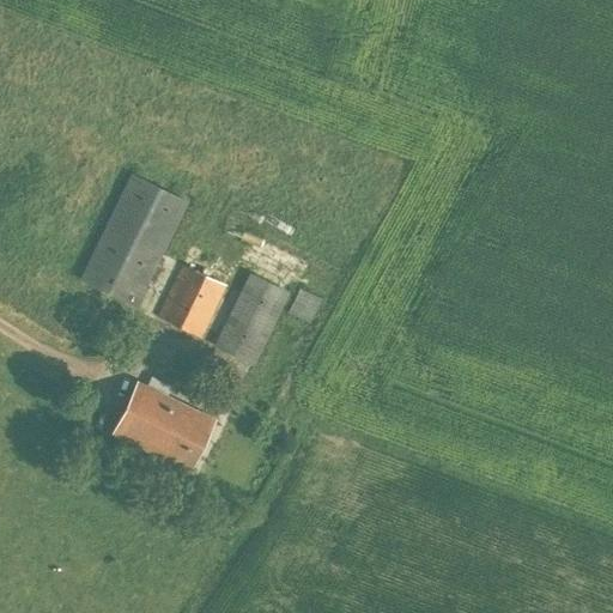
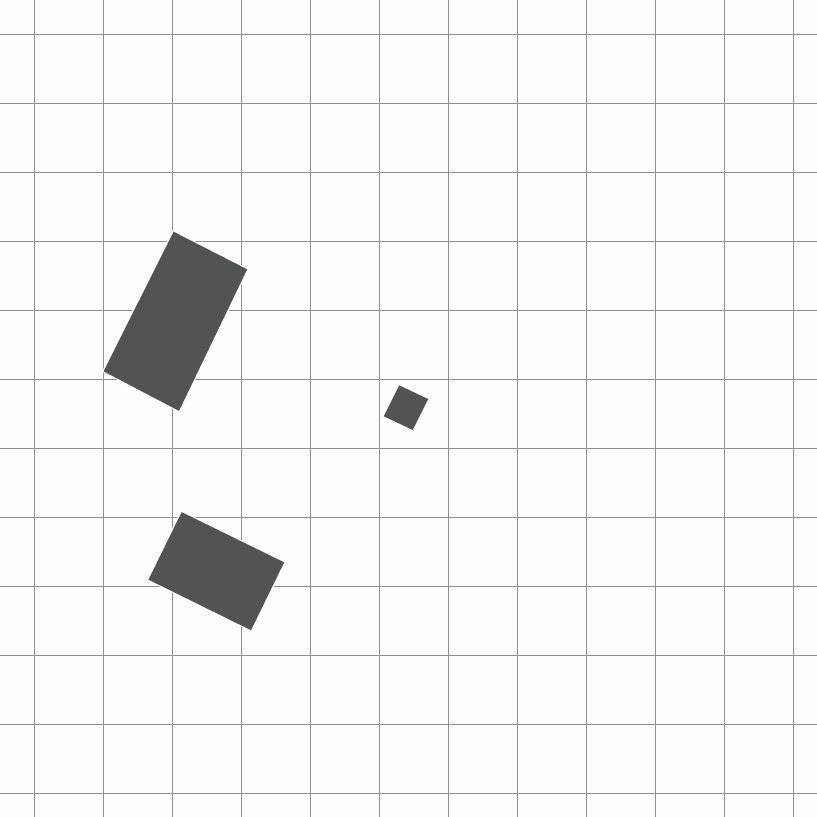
building: [157,262,227,338] -> none
building: [213,271,290,364] -> none

